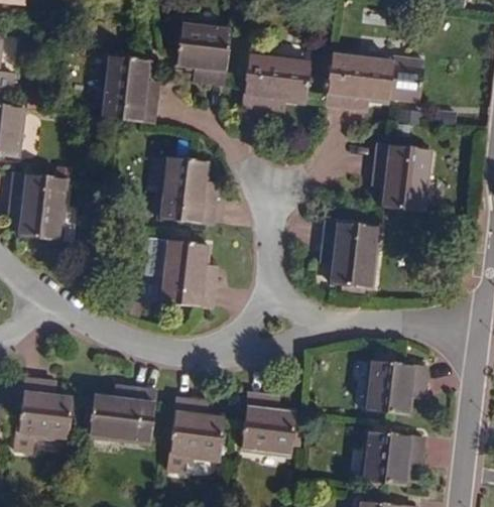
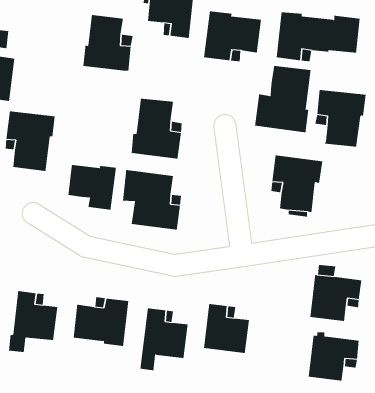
building: none -> [255,65,311,133]
building: none -> [68,164,117,210]

